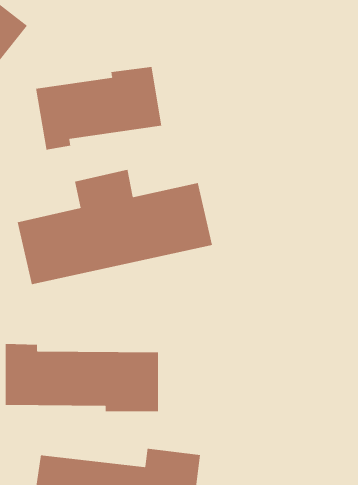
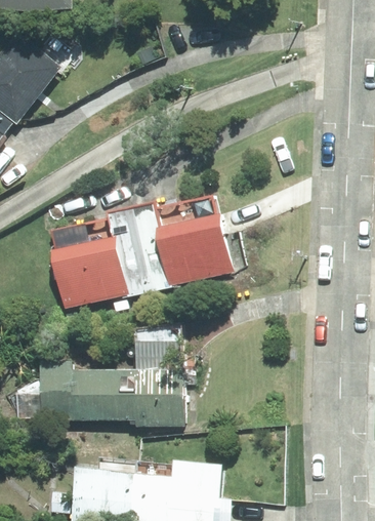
building: [36,66,162,150] -> none

